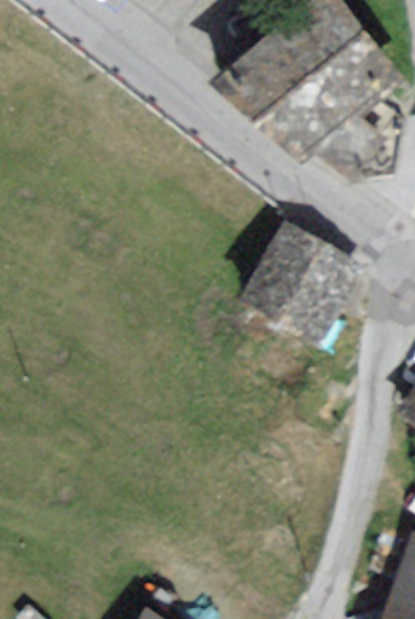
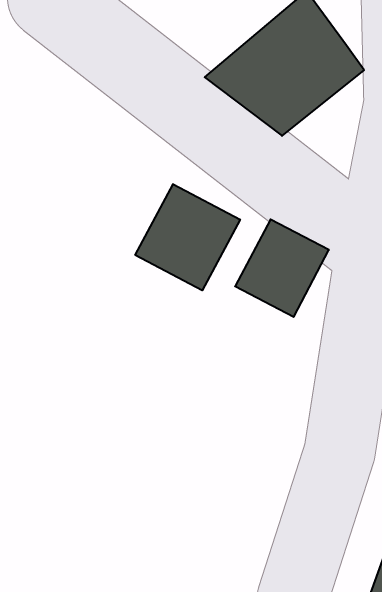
building: none -> [135,184,240,290]

